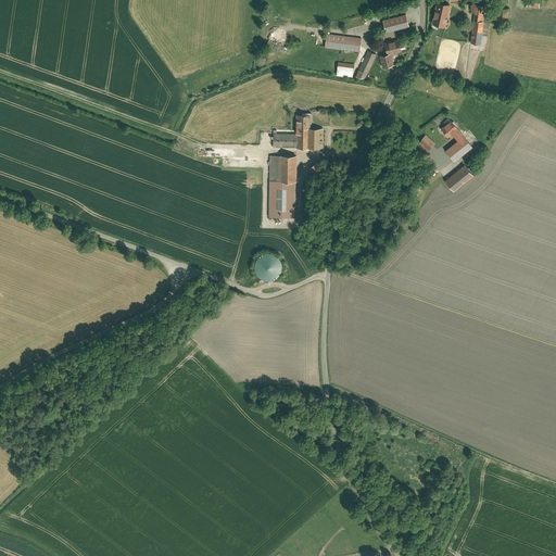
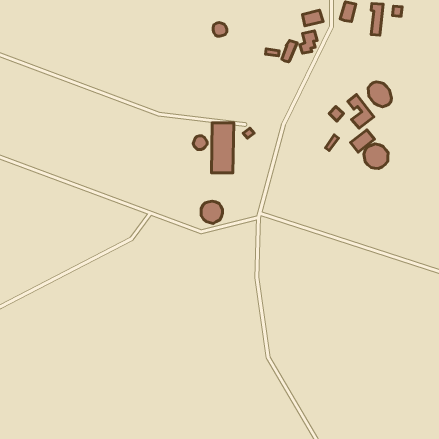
building: [324,34,362,52] -> none
building: none -> [368,82,392,107]
building: [271,114,323,149] -> none
building: none -> [364,144,388,168]

